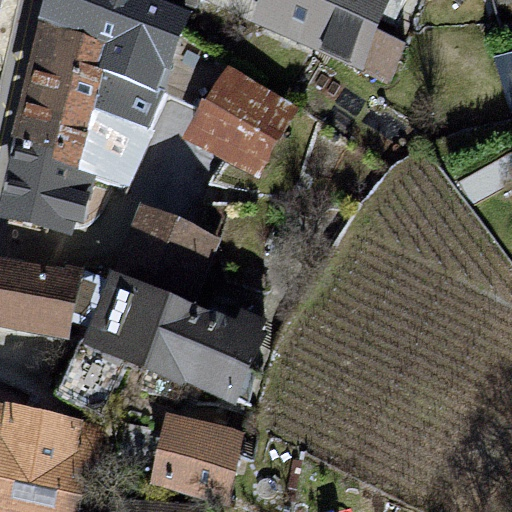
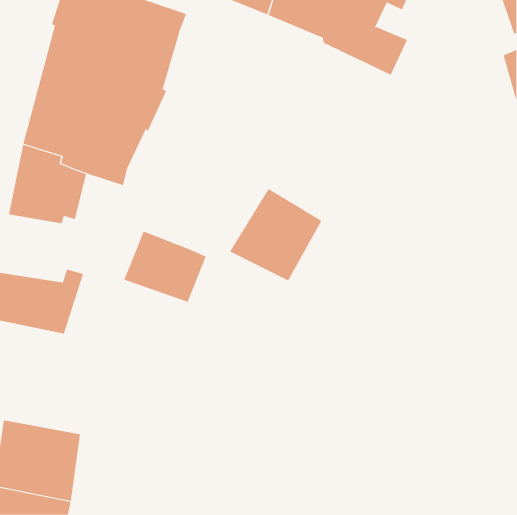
building: [191,73,282,164] -> [229,188,322,281]
building: [56,279,263,412] -> none
building: [160,422,236,491] -> none

